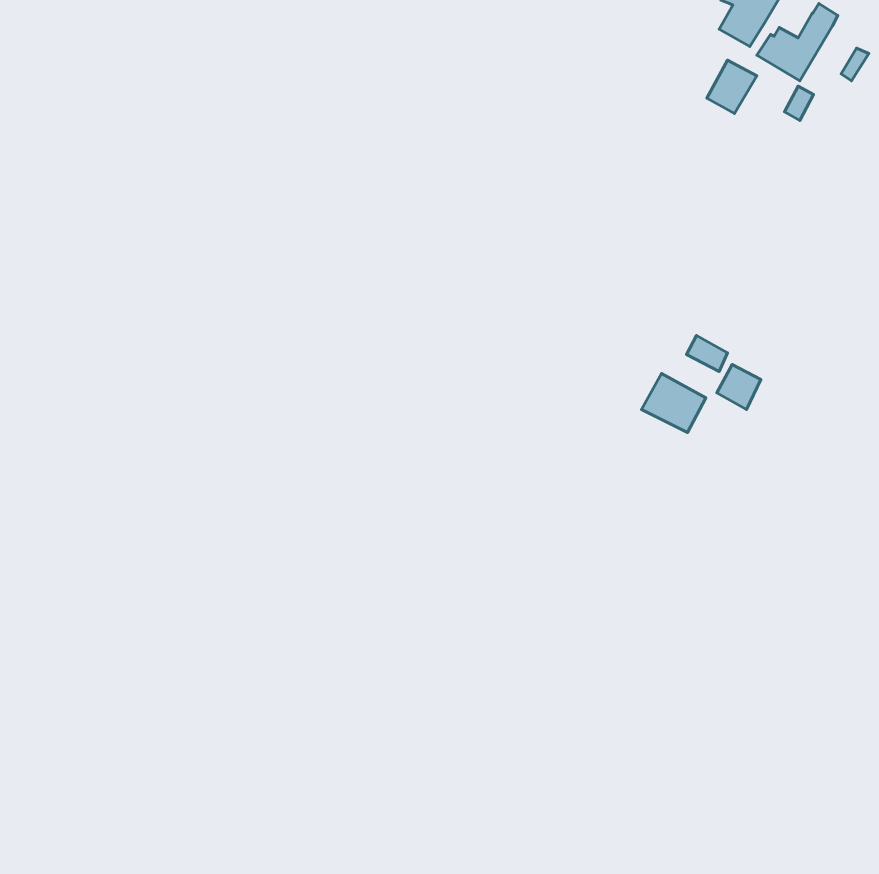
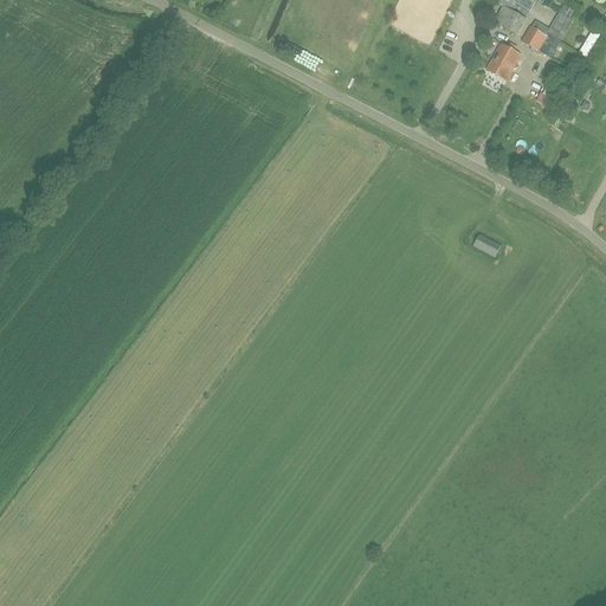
building: [717,364,761,409] -> none
building: [641,374,706,432] -> none

